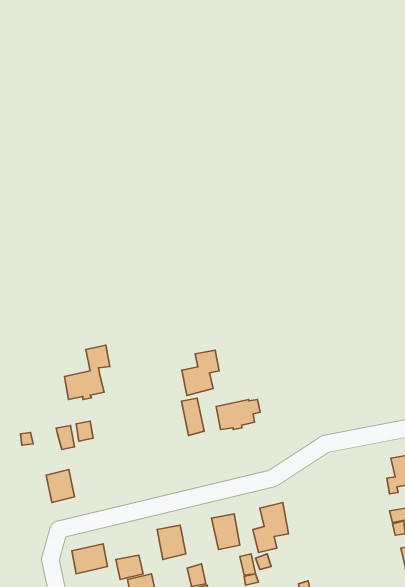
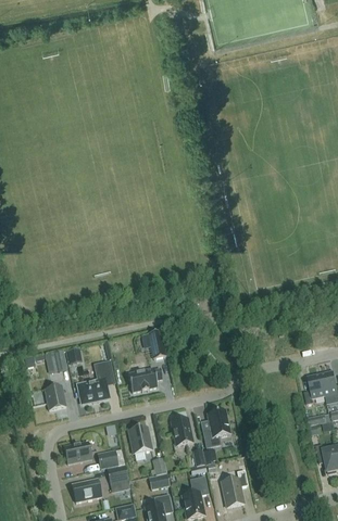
building: [64,345,110,399] -> [78,360,113,402]
building: [182,350,219,396] -> none
building: [216,399,260,429] -> [128,368,162,391]

